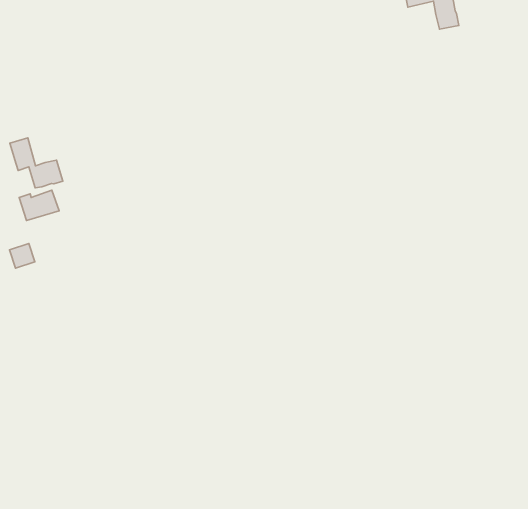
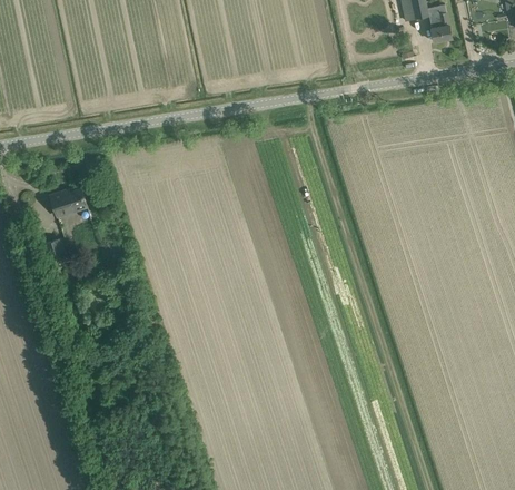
building: [10,138,63,188] -> none

